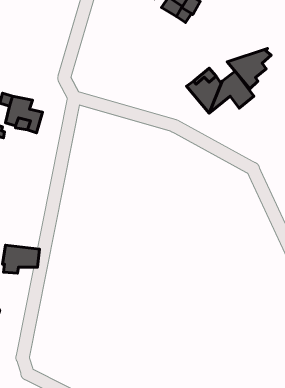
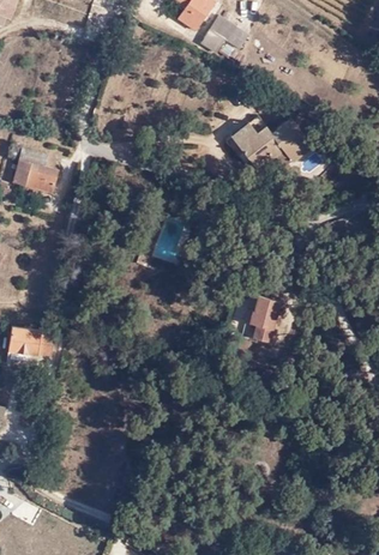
building: [227,48,271,89] -> none
building: none -> [248,294,282,342]

